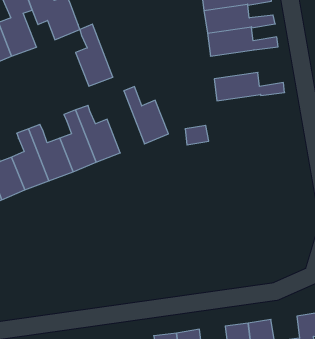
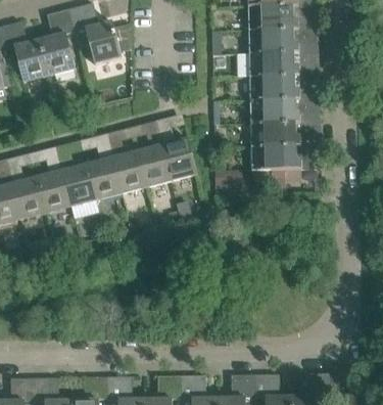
building: [76,24,113,86] -> [137,124,172,186]
building: none -> [249,98,320,123]
building: none -> [250,144,321,178]

